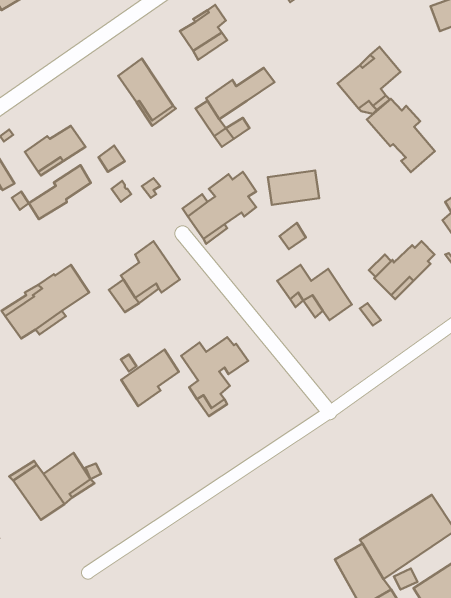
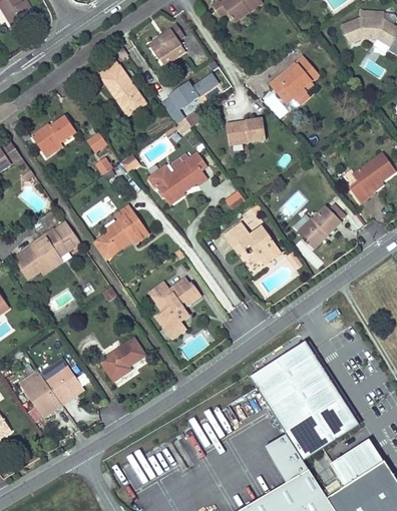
building: [367,99,435,172] -> none
building: [29,165,91,219] -> none
building: [268,171,319,205] -> [227,119,266,145]
building: [121,350,179,406] -> [100,338,144,381]
building: none -> [253,343,342,432]

